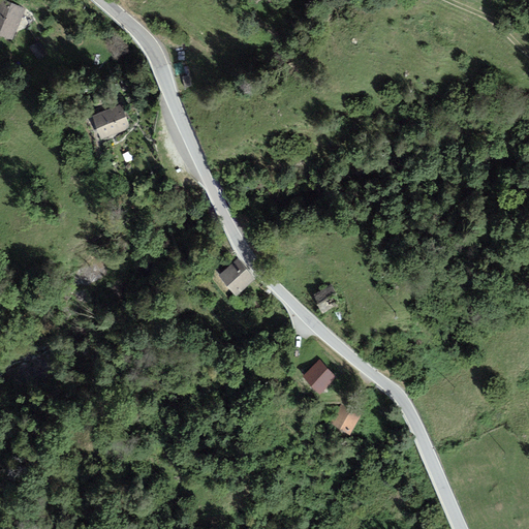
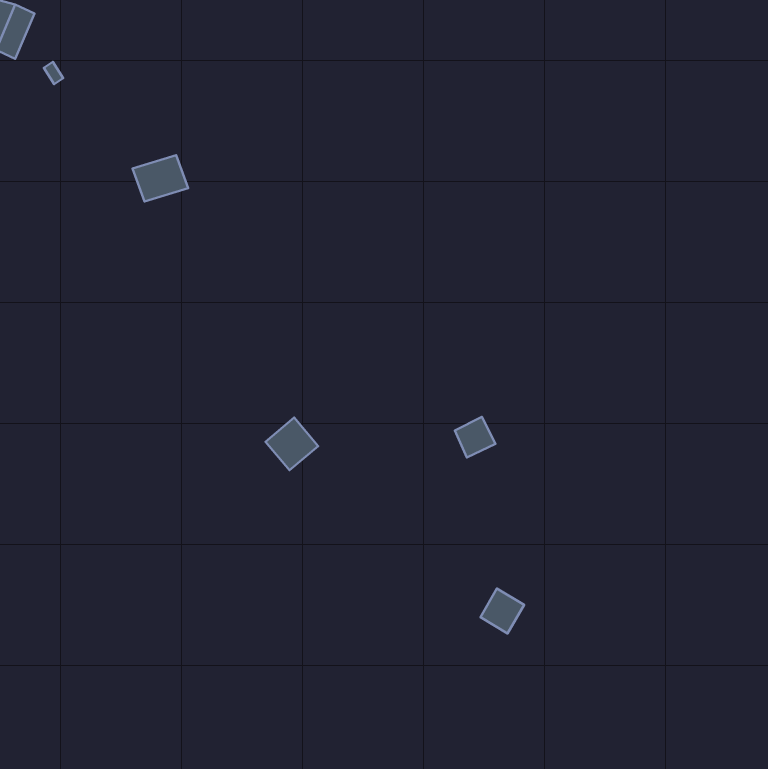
building: [217,259,253,295] -> [266,418,318,470]
building: [301,360,336,395] -> none

